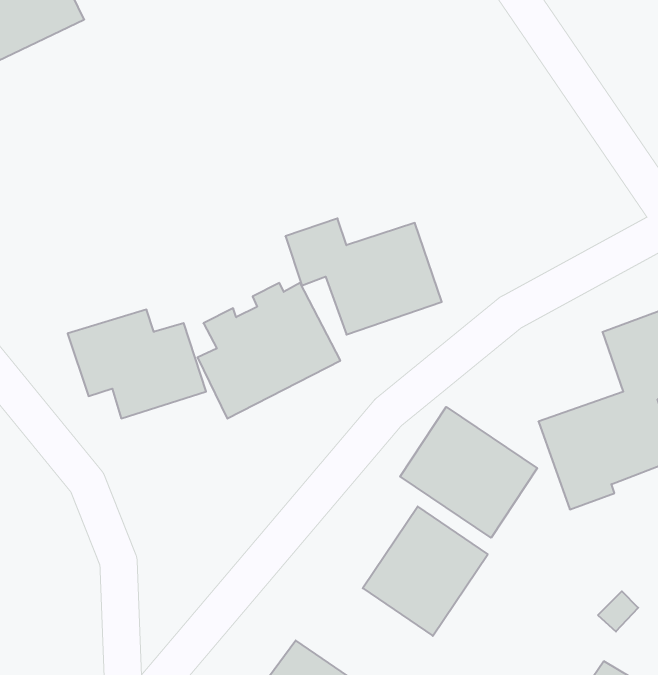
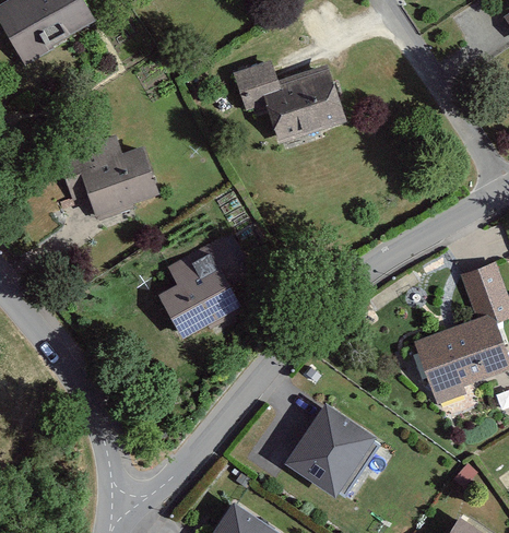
building: [285,218,442,335] -> [236,62,351,147]
building: [68,310,206,418] -> [58,138,159,217]
building: [400,407,537,538] -> none

